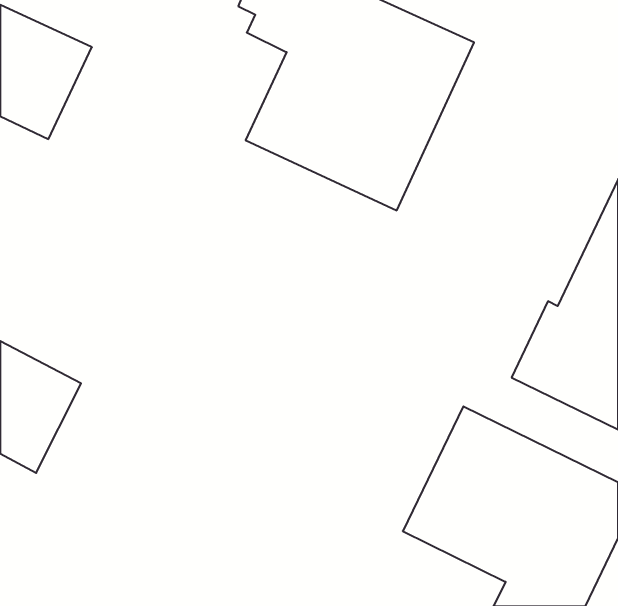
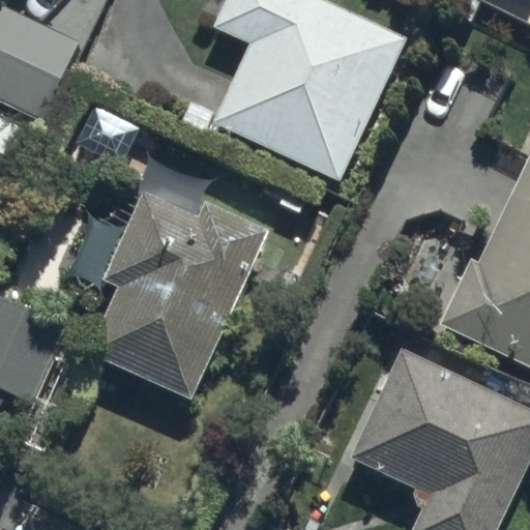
building: none -> [90,195,271,399]

